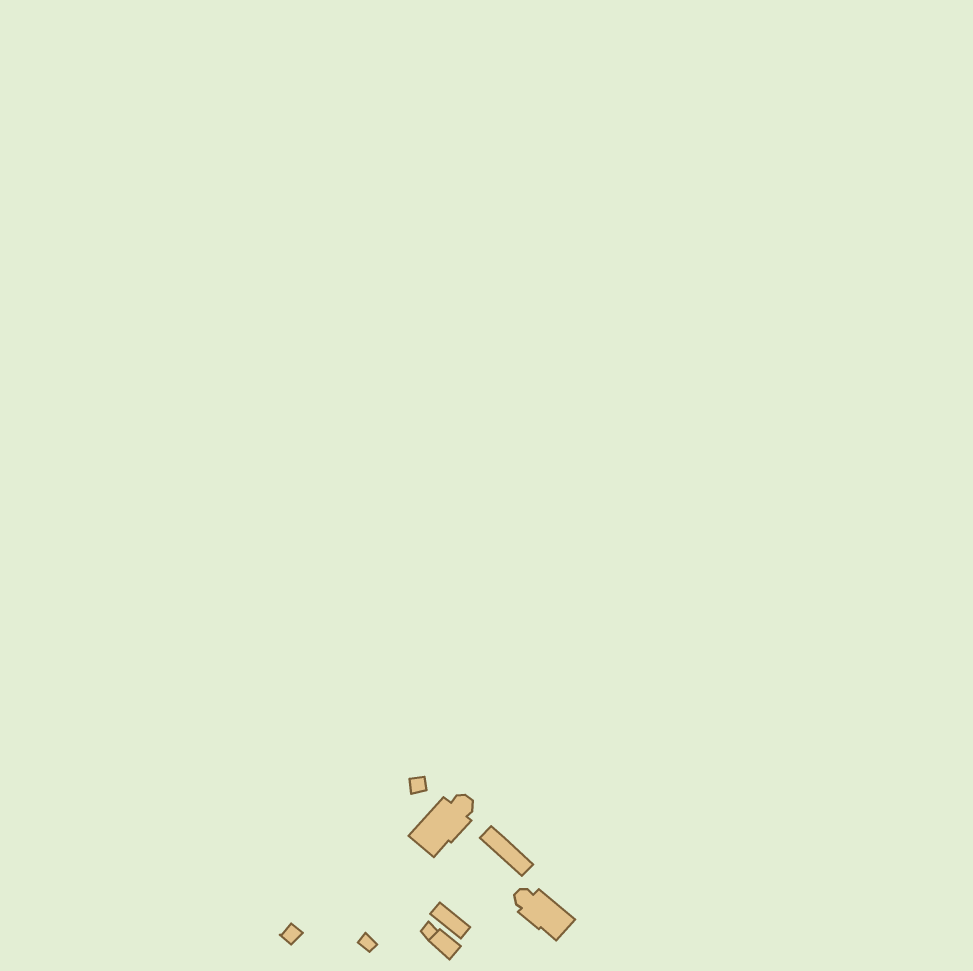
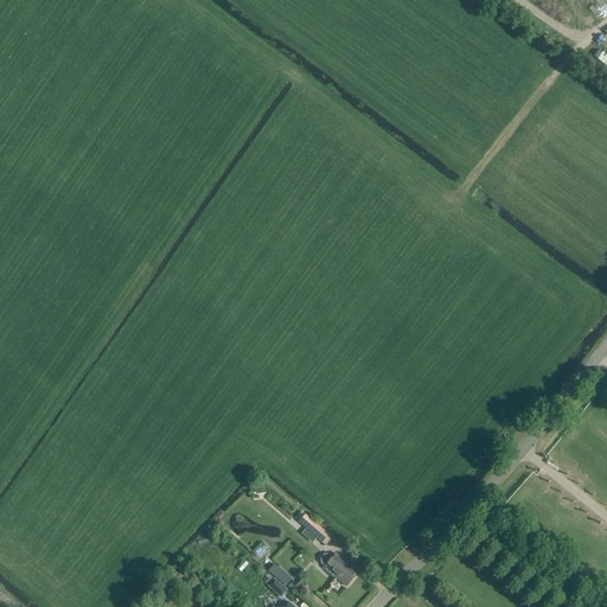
building: [408,795,473,857] -> none

